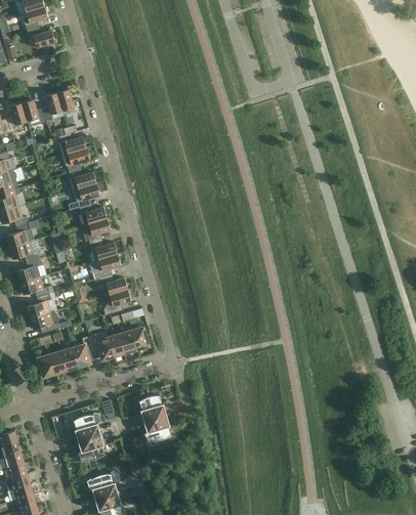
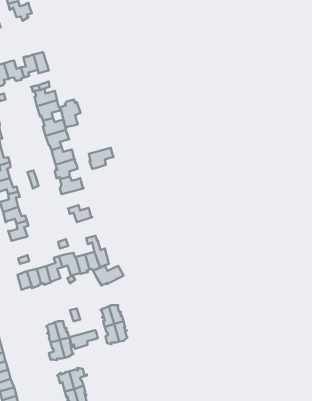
building: none -> [60,100,81,128]
building: [91,253,121,278] -> [89,148,113,169]
building: [103,288,131,314] -> none
building: [31,309,59,333] -> none
building: none -> [93,265,123,285]
building: none -> [69,330,98,349]

